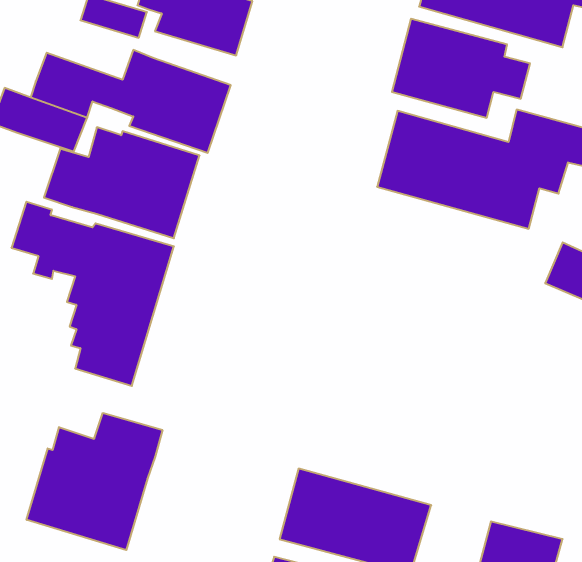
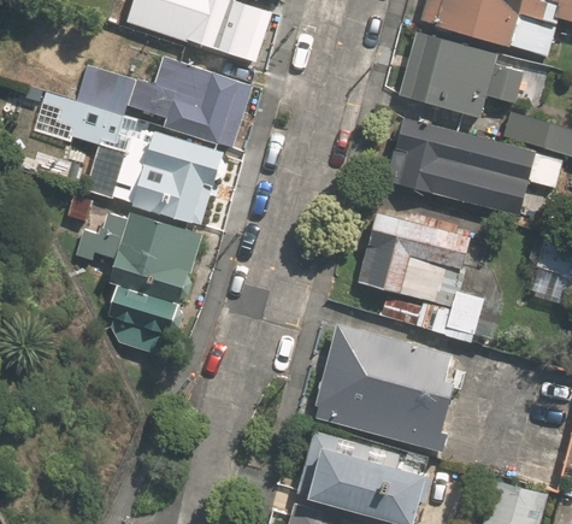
building: none -> [355,207,482,343]
building: none -> [313,319,458,451]
building: [27,413,162,550] -> none

